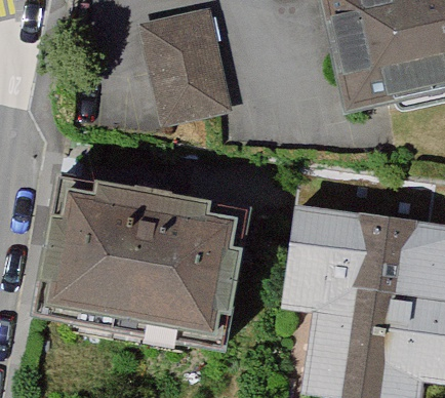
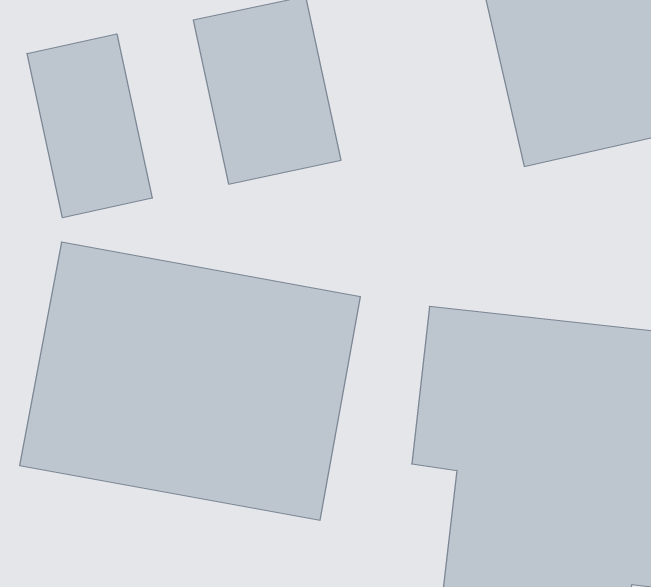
building: none -> [27,34,152,218]

